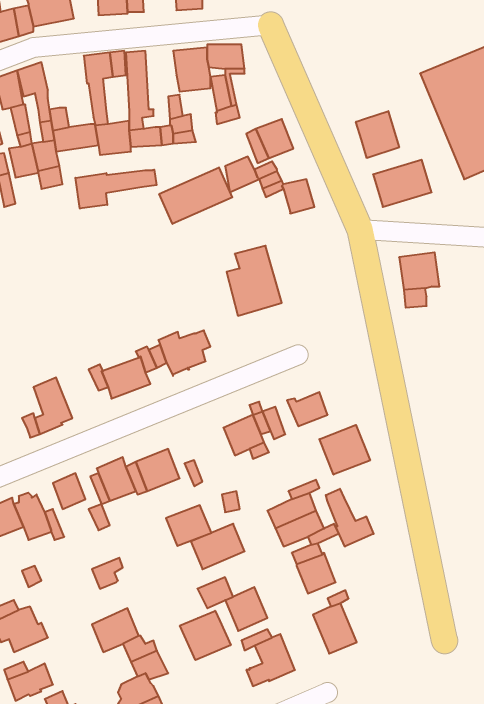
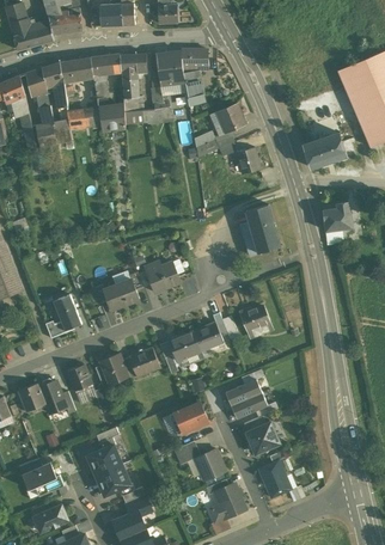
building: none -> [59,57,92,82]
building: [356,111,399,158] -> none
building: [159,167,232,224] -> none
building: [75,170,157,209] -> none
building: [227,246,282,316] -> [239,204,280,256]
building: [319,425,370,475] -> none
building: [326,489,374,547] -> none
building: [166,505,211,546] -> [167,331,201,361]
building: none -> [86,445,122,476]
building: [180,611,231,660] -> none

